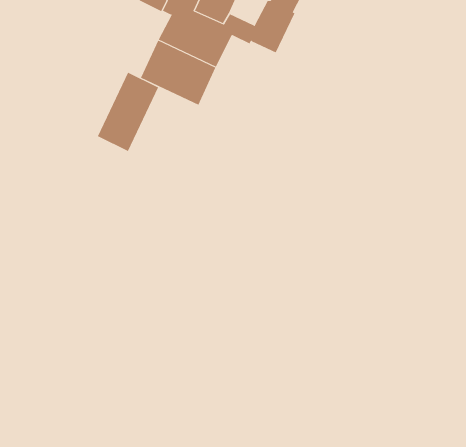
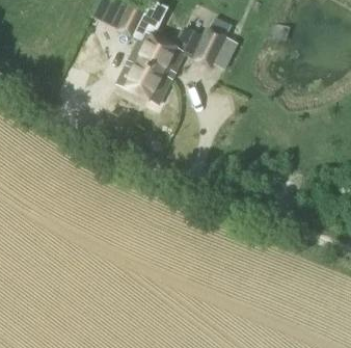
building: [97,72,159,152] -> none

